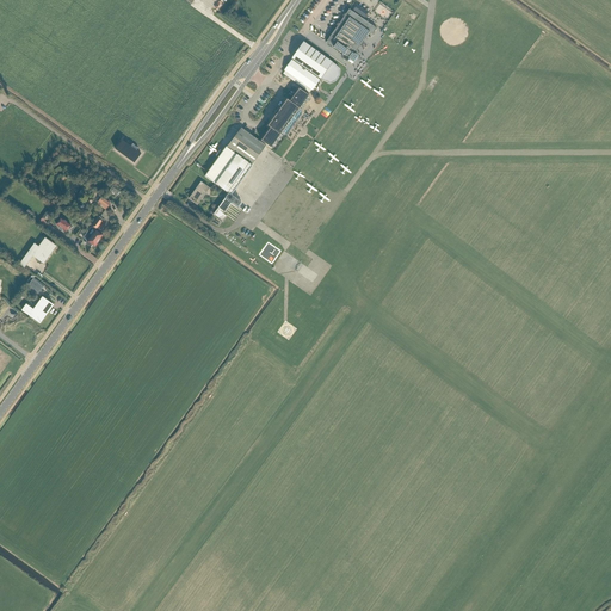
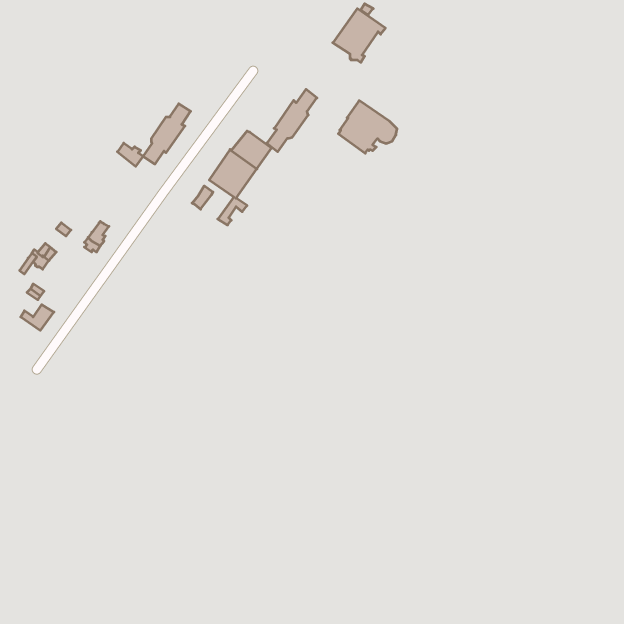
building: [282,41,339,92] -> [338,101,397,153]
building: none -> [143,104,191,164]

